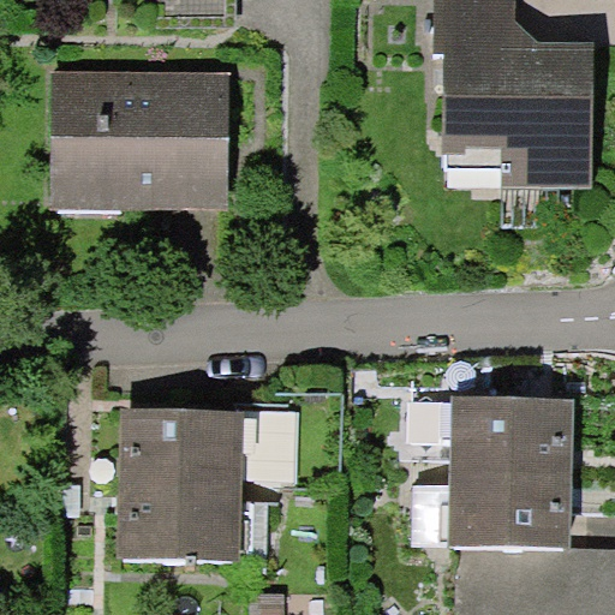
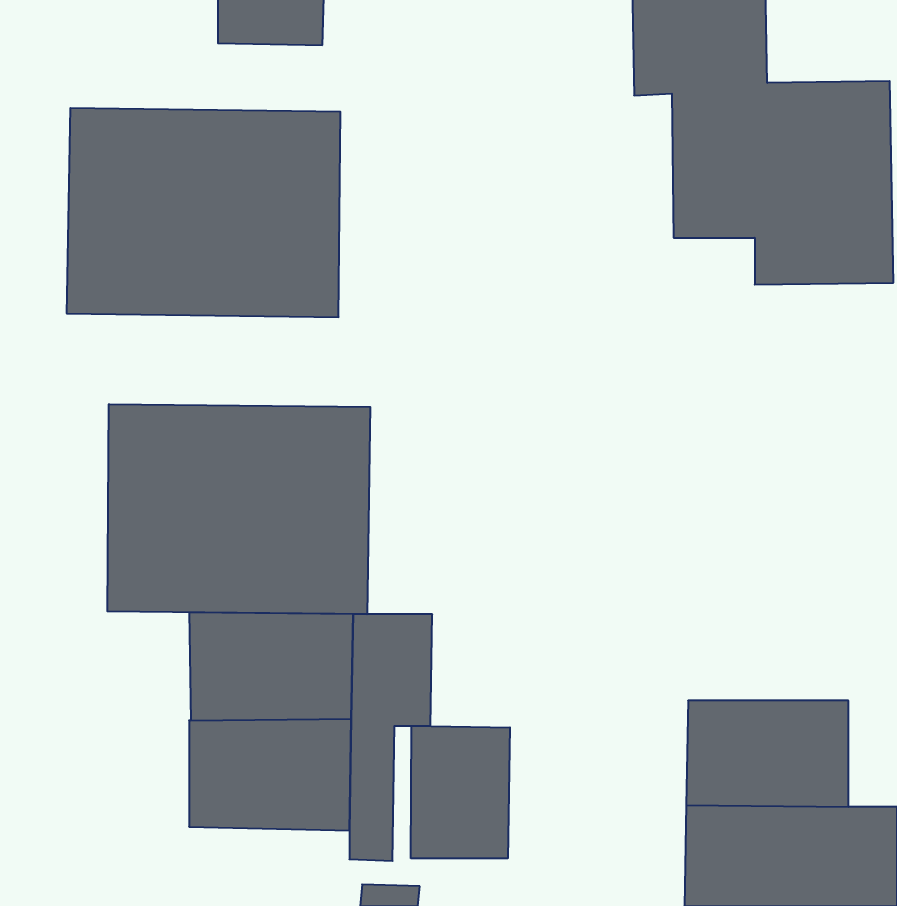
building: none -> [107,404,370,614]
building: [459,396,566,467] -> none
building: none -> [411,726,510,858]

